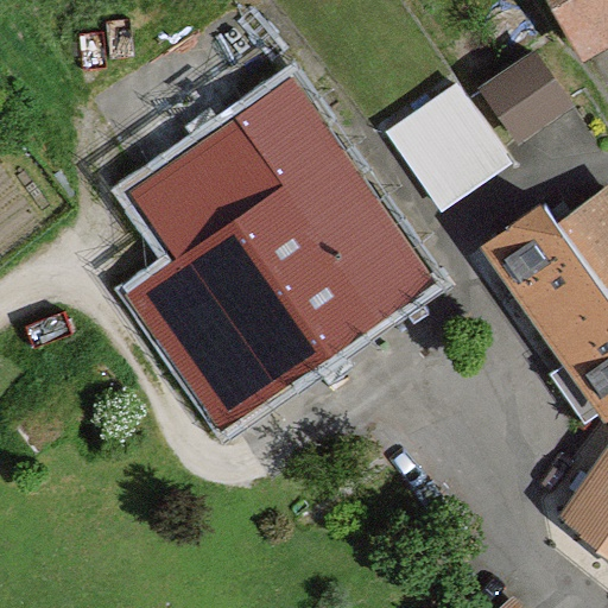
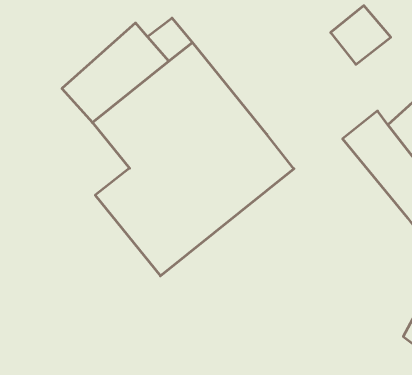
building: [388,89,515,216] -> none

